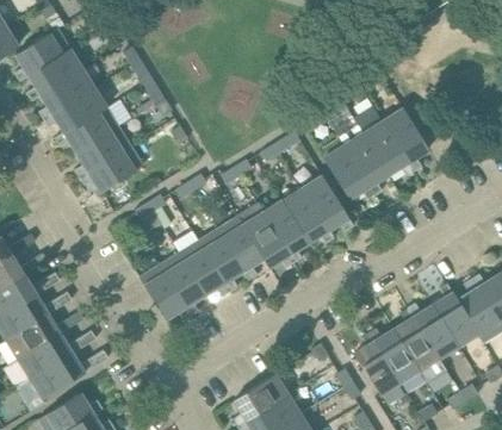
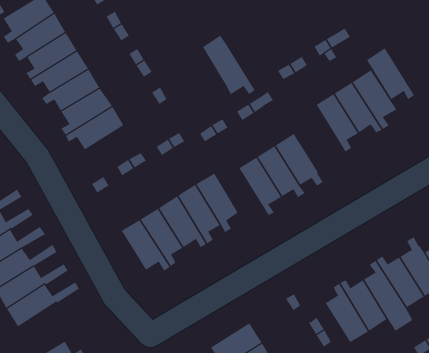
building: [324,145,376,200] -> [366,48,415,100]
building: [238,204,295,267] -> [202,35,256,95]
building: [31,350,109,399] -> none

